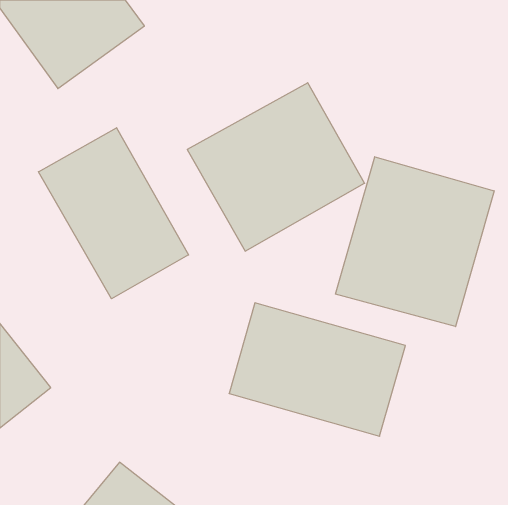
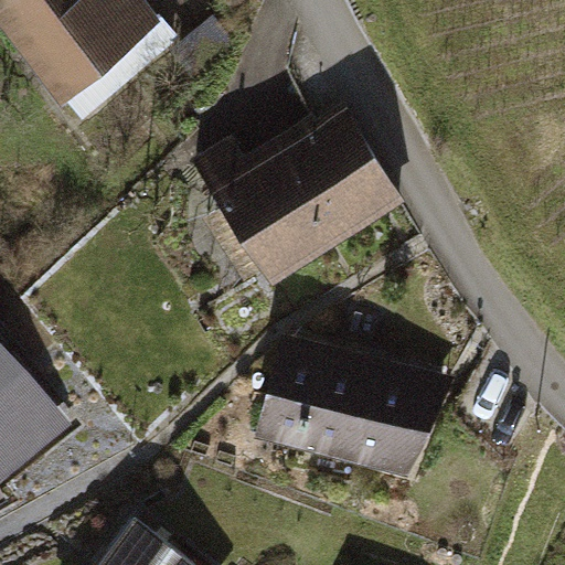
building: [38,128,189,299] -> none
building: [335,157,494,327] -> none

